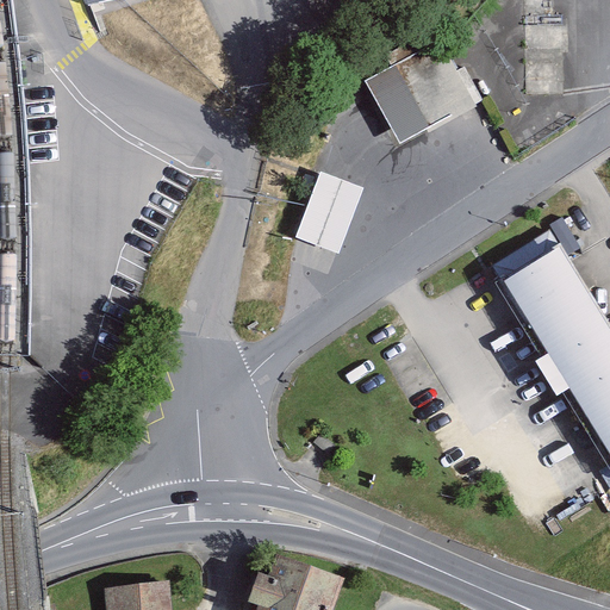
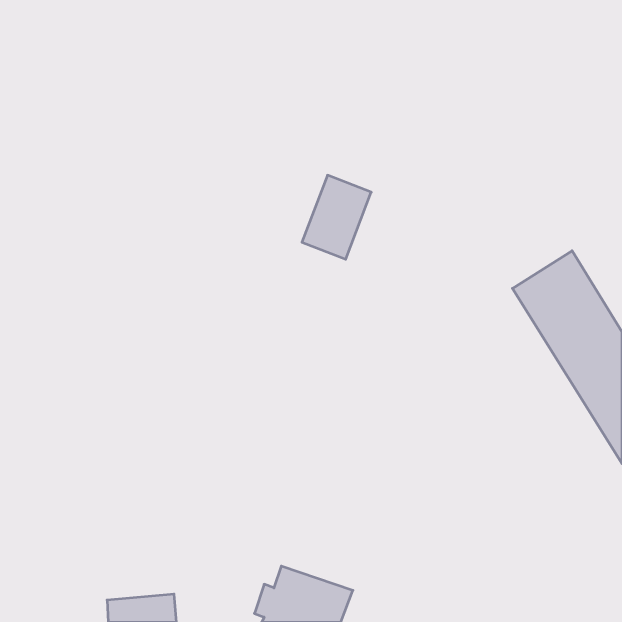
building: [366,41,475,144] -> none

